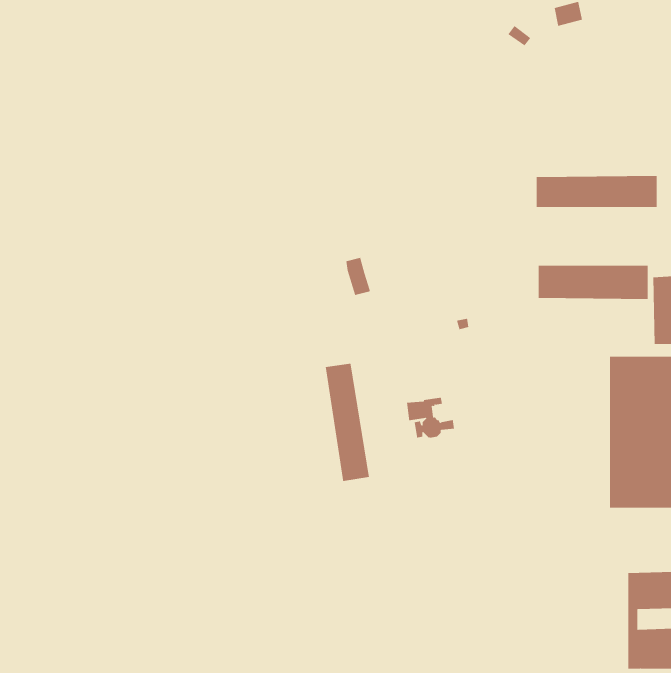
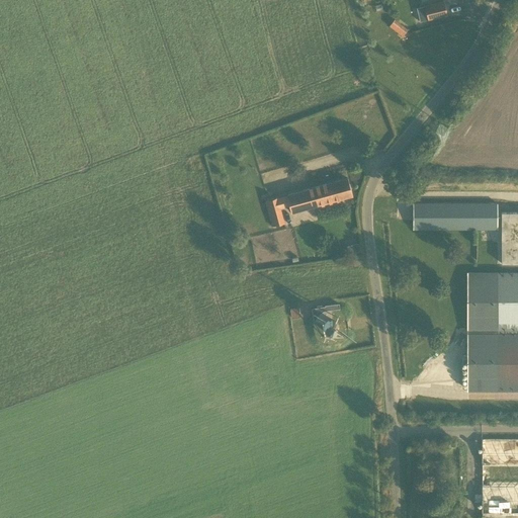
building: [536,175,657,208] -> none
building: none -> [288,179,355,213]
building: [325,363,370,482] -> none

